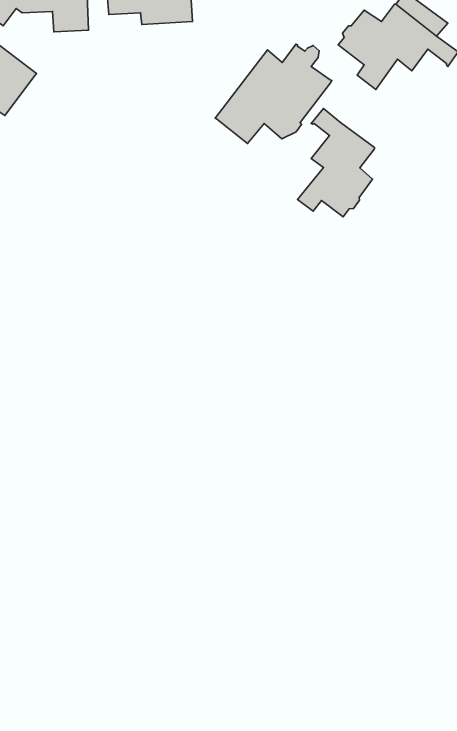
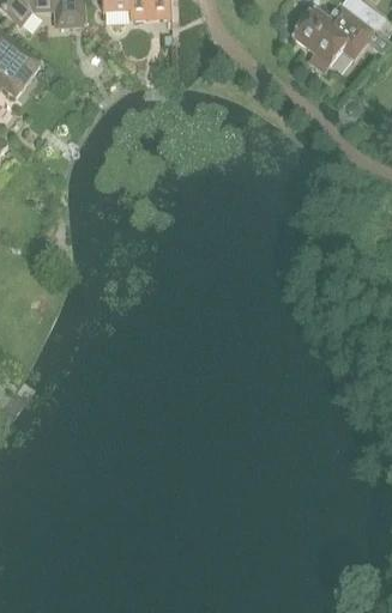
building: [215,44,332,143] -> none
building: [298,108,375,217] -> none

